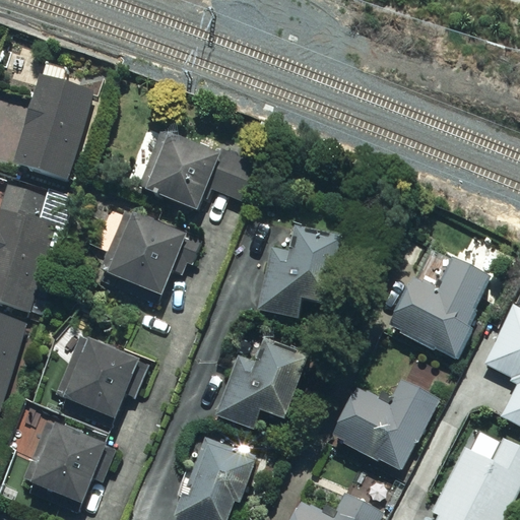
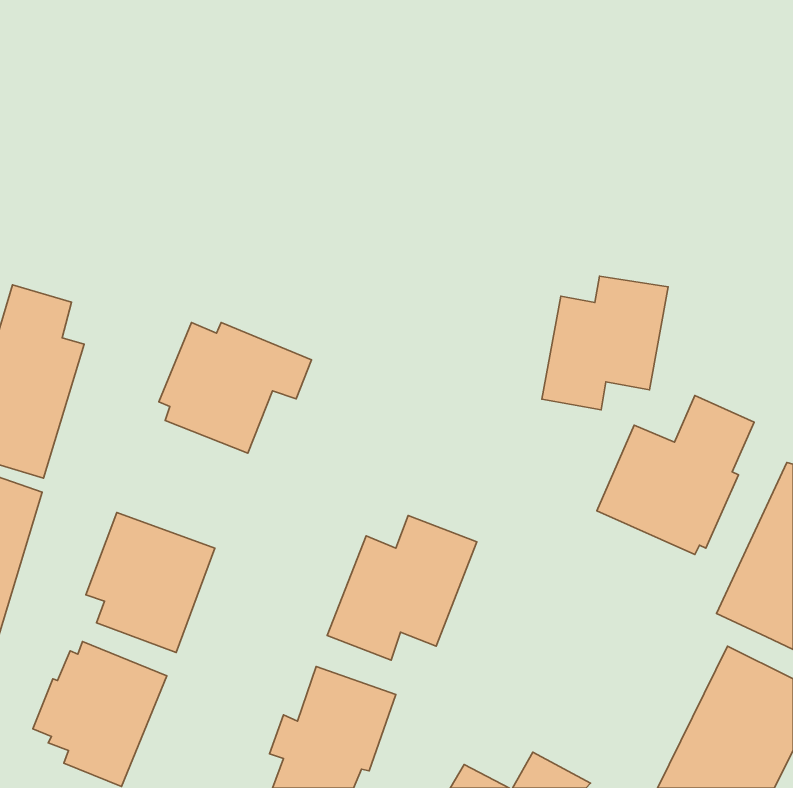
building: [14,64,98,184] -> none
building: [137,128,262,210] -> none
building: [259,229,341,316] -> [542,276,668,410]
building: [331,370,432,470] -> none

